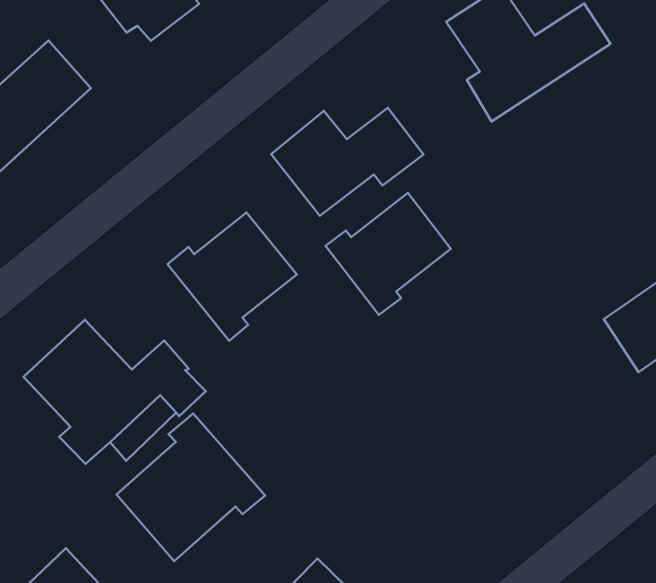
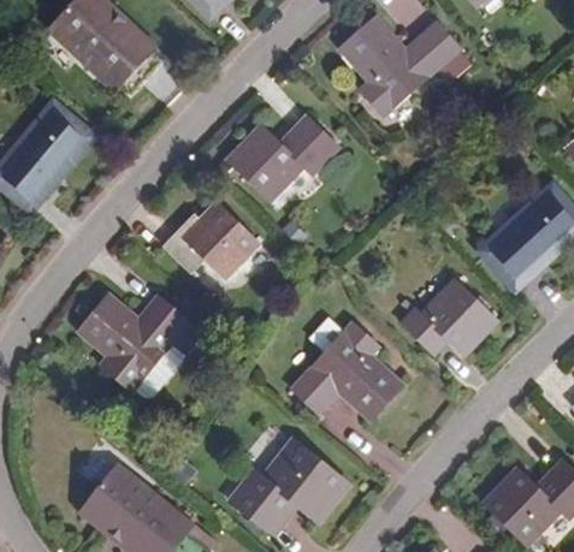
building: [325,193,451,315] -> none
building: none -> [401,277,495,351]
building: none -> [288,320,400,417]
building: [116,414,265,561] -> none

